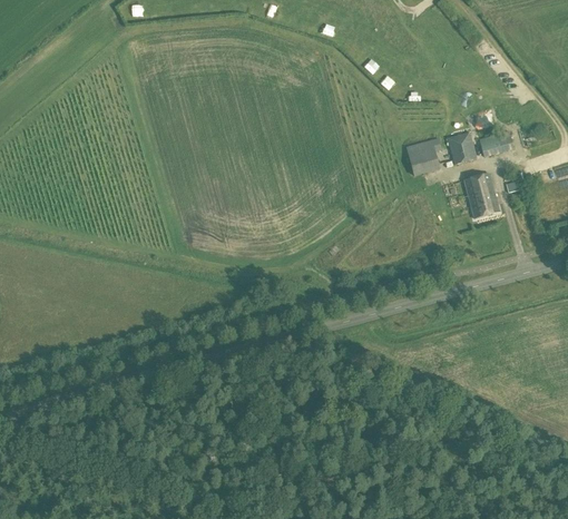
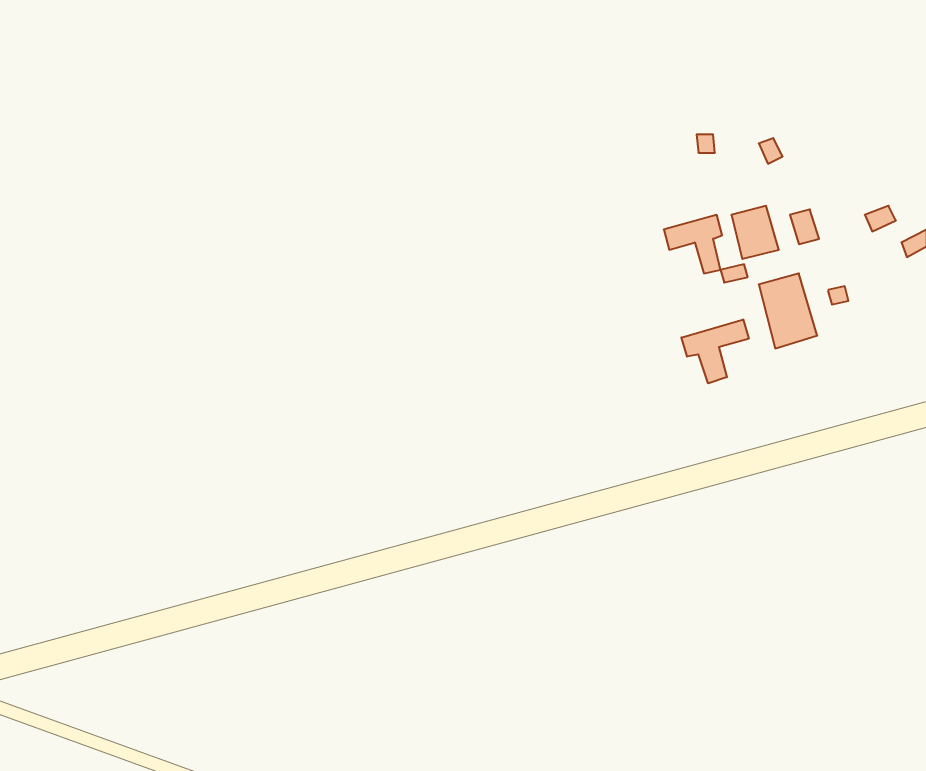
building: none -> [681,319,749,383]

